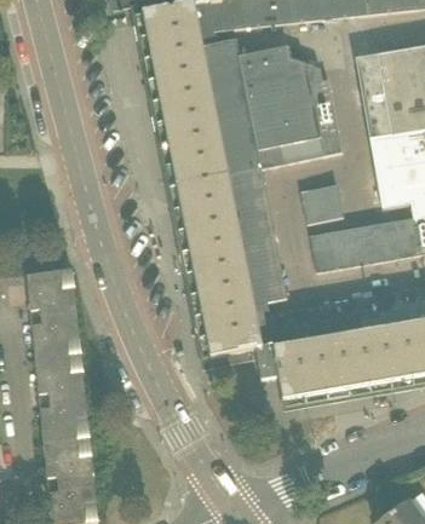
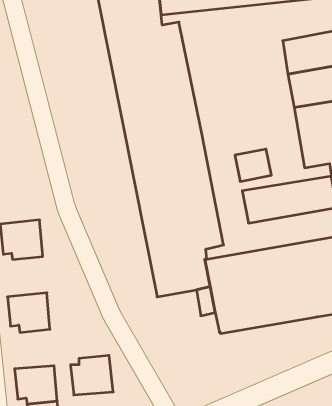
building: [239,45,343,167] -> none
building: [31,310,81,357] -> none
building: [40,395,90,440] -> [71,355,113,395]

